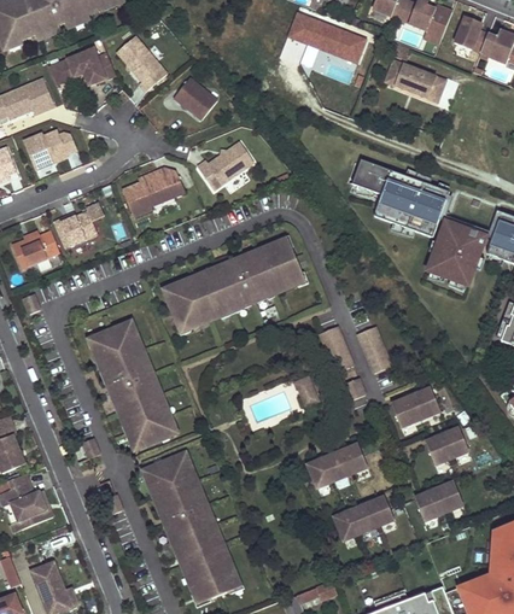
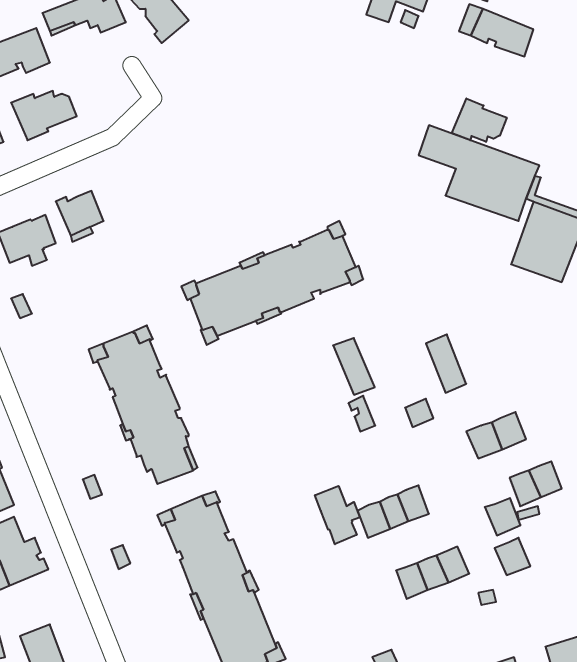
building: [174,77,217,118] -> none
building: none -> [452,98,507,142]
building: [197,141,253,188] -> none
building: [122,168,185,216] -> none
building: [320,326,354,372] -> [333,338,375,395]
building: none -> [315,486,360,544]
building: [433,483,462,513] -> [485,498,521,535]

